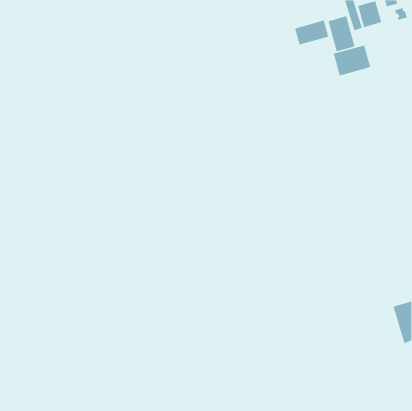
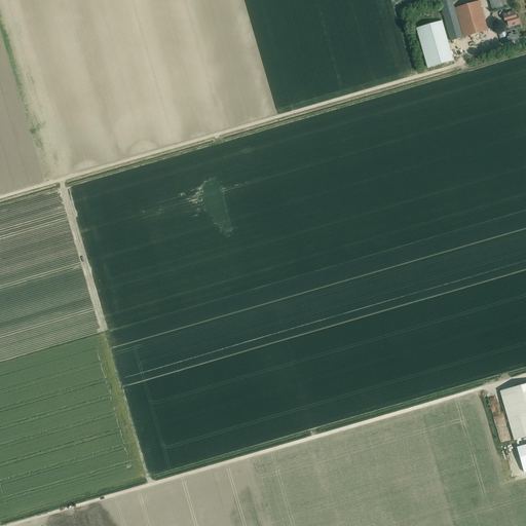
building: [294,20,329,46] -> none
building: [333,44,371,76] -> none

